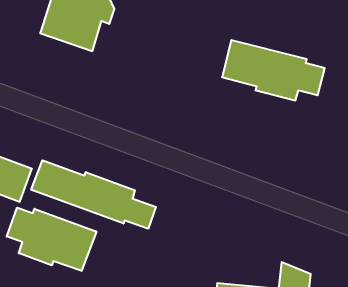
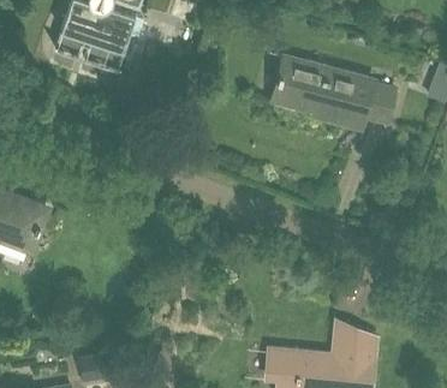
building: [31,160,156,229] -> none
building: [7,208,96,271] -> none

